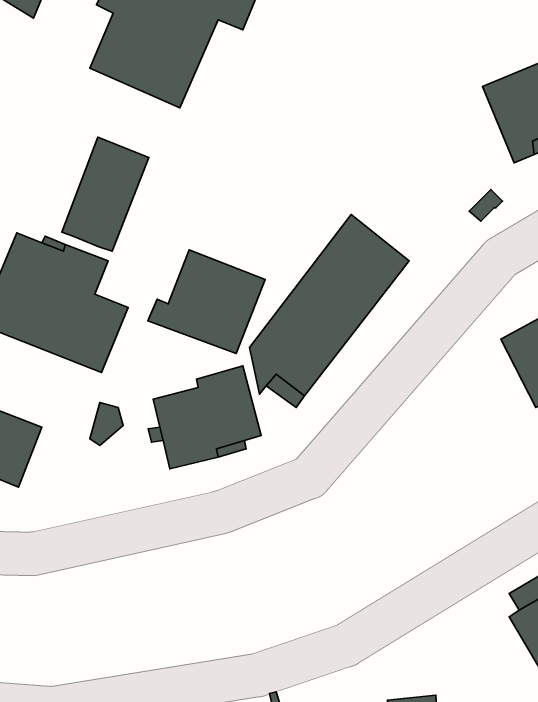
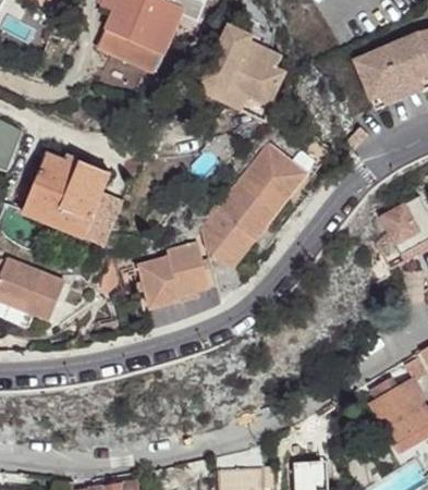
building: none -> [185,24,285,110]
building: [62,137,149,251] -> none
building: [148,250,265,354] -> none

